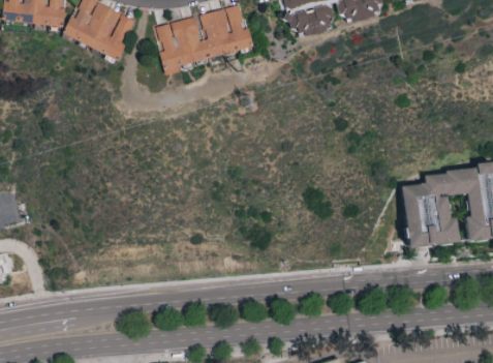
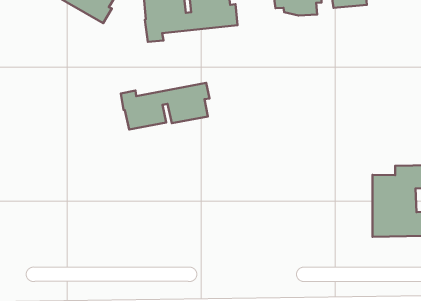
building: none -> [121,83,209,129]

